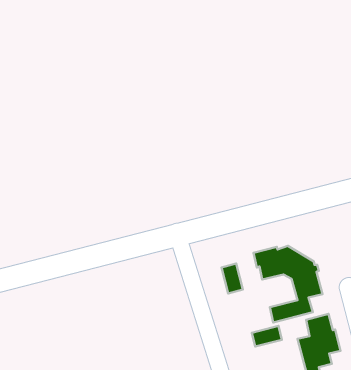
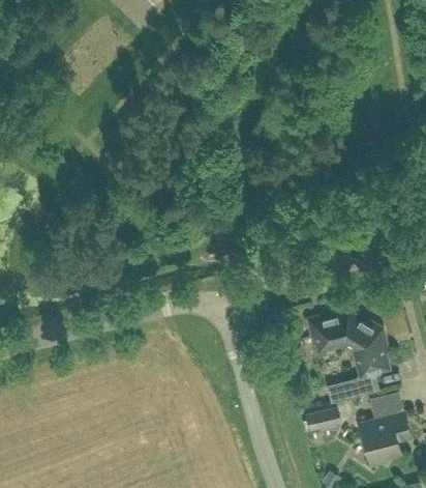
building: [222,264,243,294] -> none

